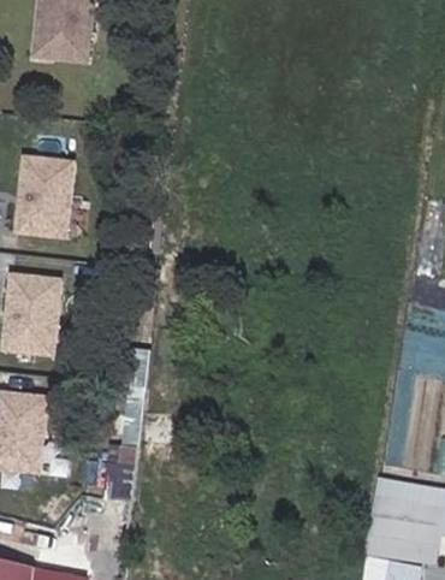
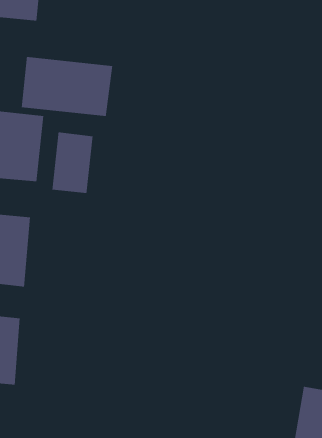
building: none -> [21,56,113,117]
building: none -> [52,131,93,194]

